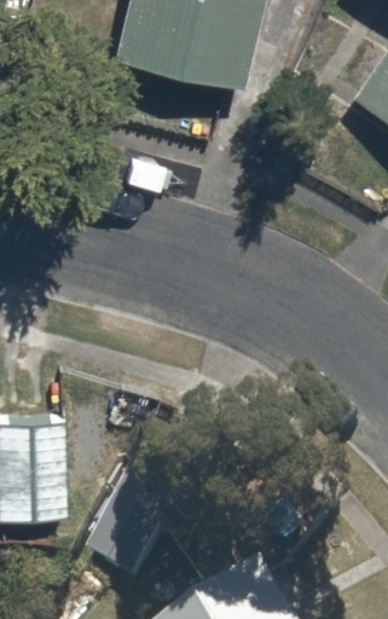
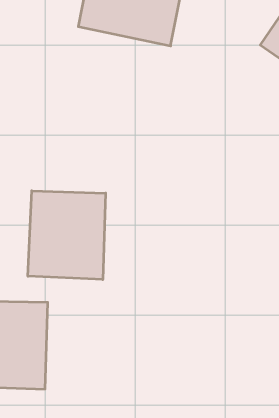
building: none -> [28,191,106,280]

